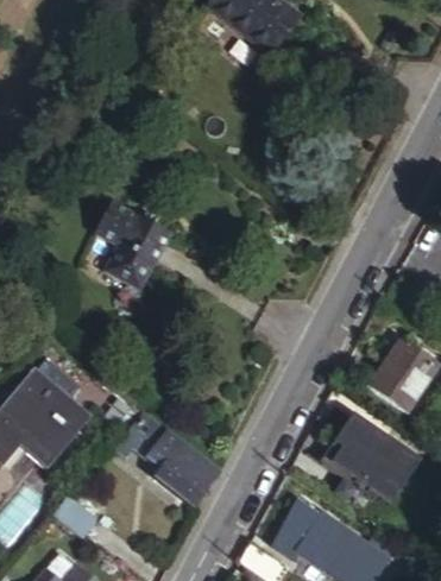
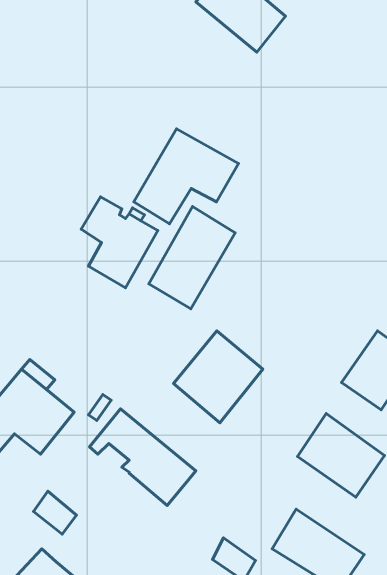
building: none -> [134,129,239,224]
building: none -> [149,207,235,309]
building: none -> [174,331,263,423]
building: [263,499,314,563] -> none

